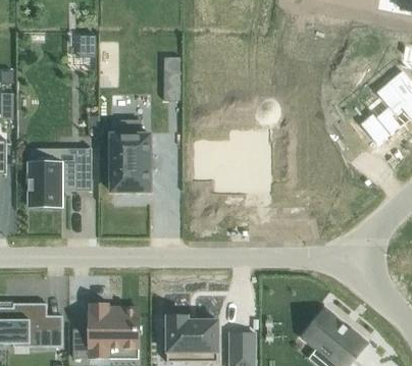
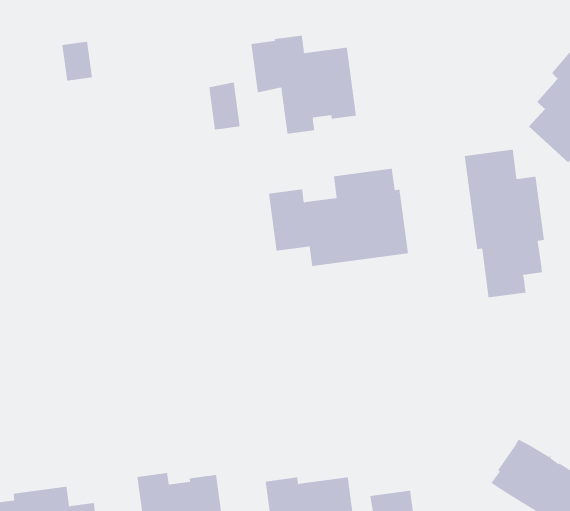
building: none -> [251,35,356,134]
building: [110,120,150,191] -> none
building: none -> [464,149,545,298]
building: [28,154,91,206] -> none

